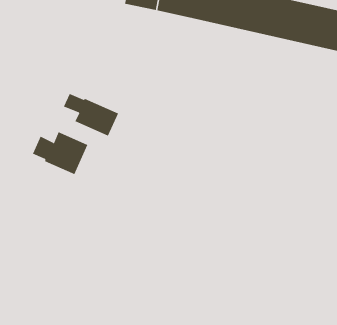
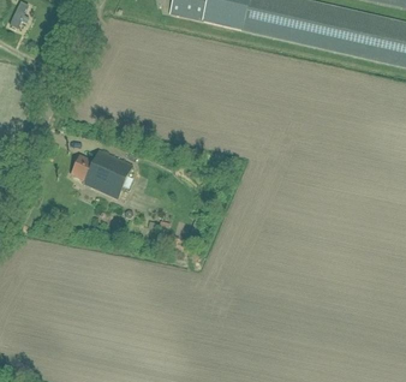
building: [63,93,119,137] -> none

